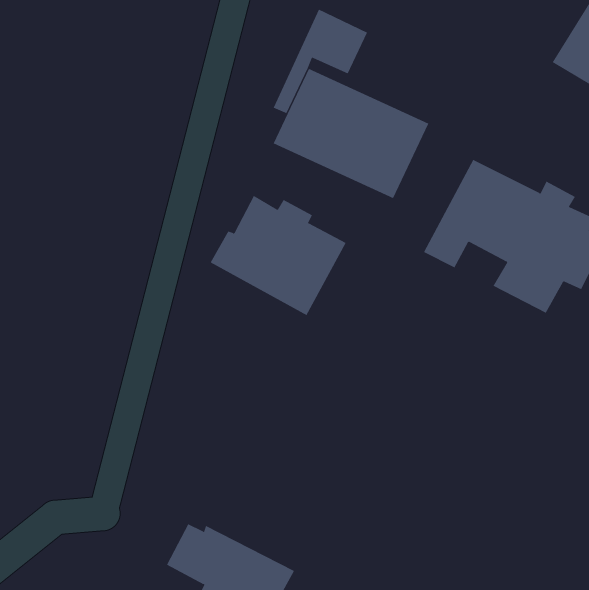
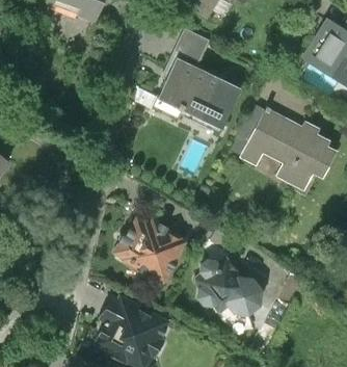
building: [210,195,347,316] -> [116,220,188,284]
building: none -> [201,261,265,316]

